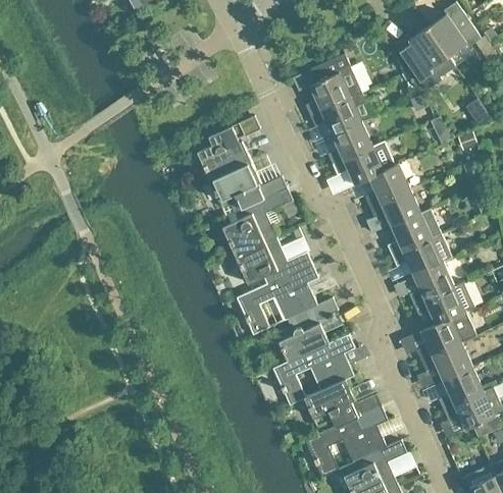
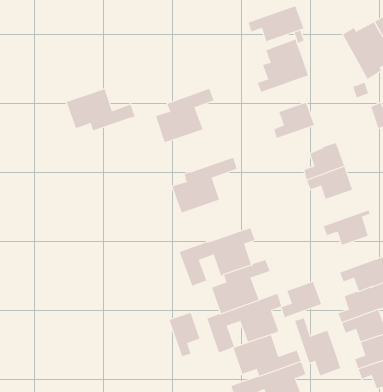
building: [311,93,373,135] -> [248,5,304,42]
building: [333,142,395,185] -> none
building: [210,162,288,210] -> [66,89,135,131]
building: [388,209,441,257] -> none
building: [236,237,313,285] -> none
building: [409,263,454,306] -> [281,281,322,318]
building: none -> [294,318,341,376]
building: none -> [169,312,200,357]

